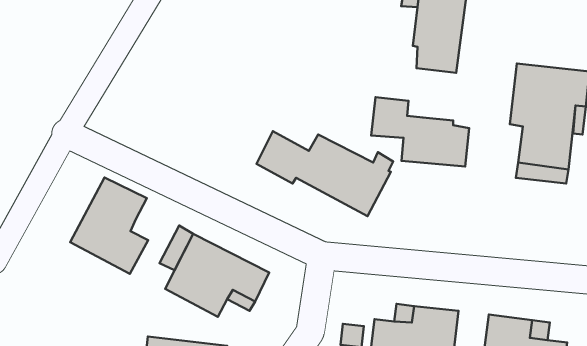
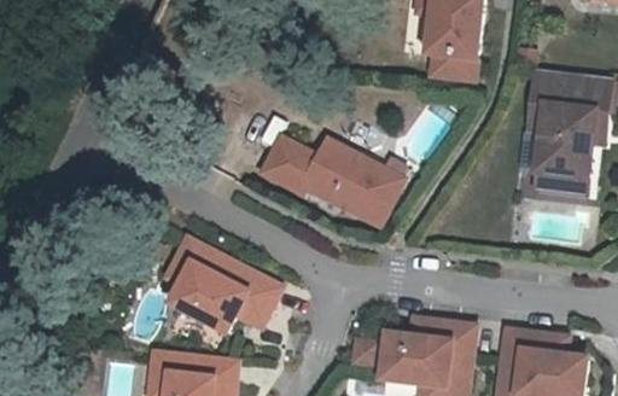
building: [371,97,469,167] -> none
building: [70,177,148,274] -> none

